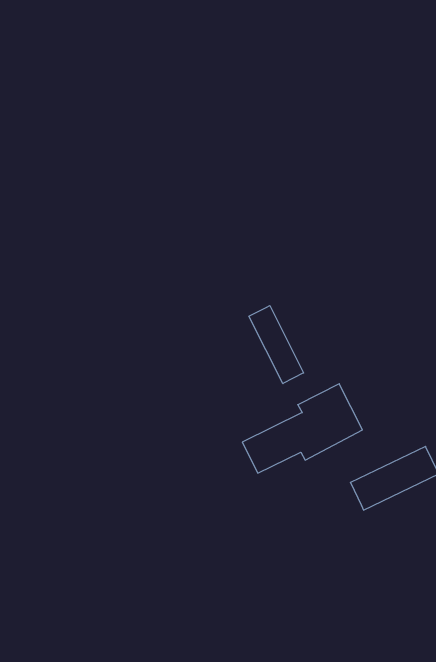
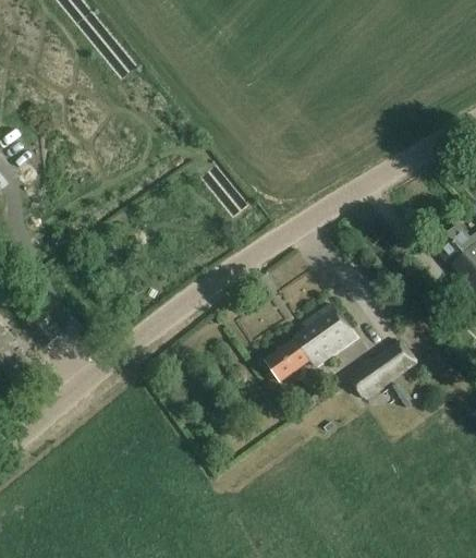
building: [249,306,304,384] -> none

